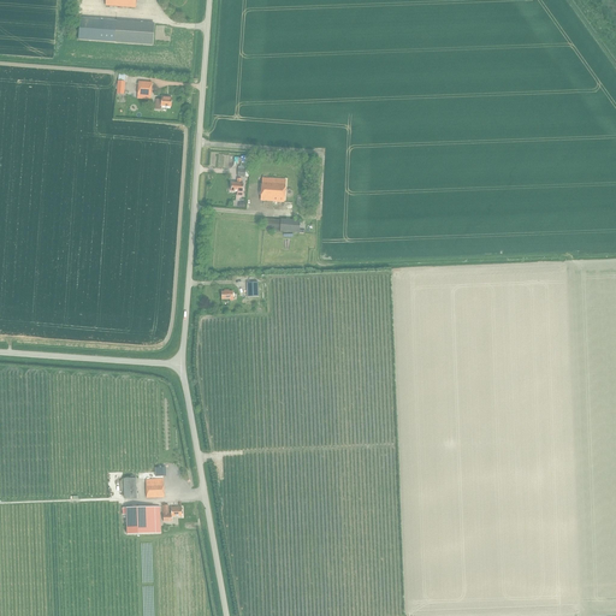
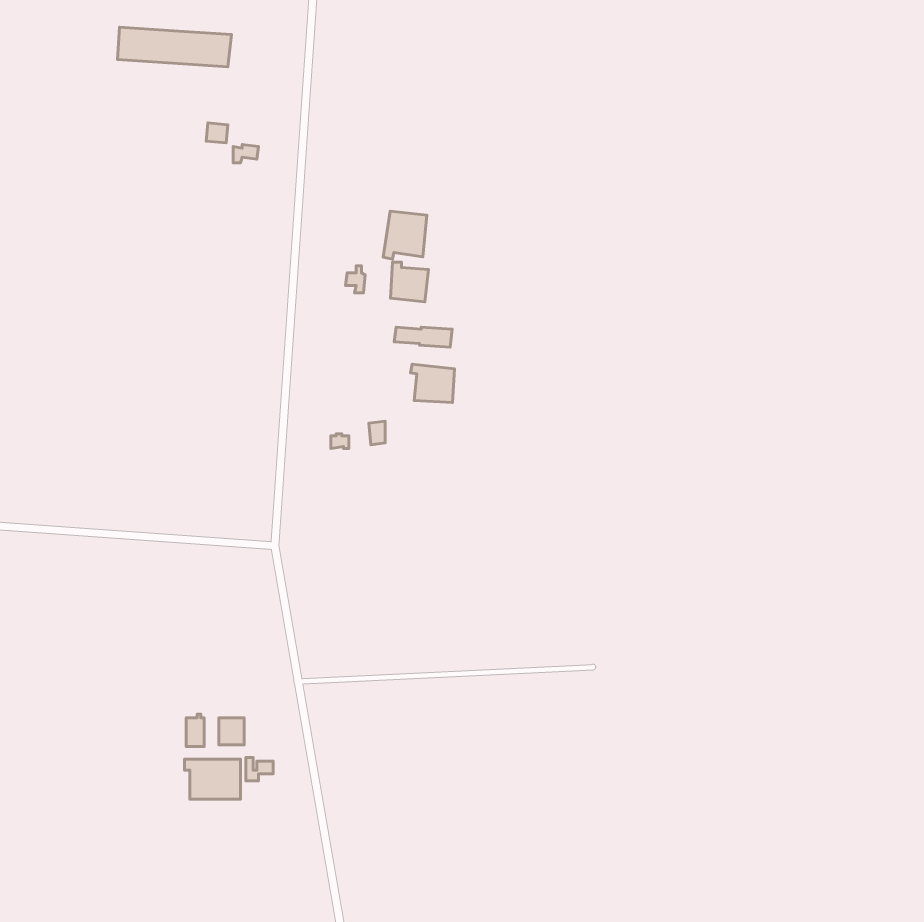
building: none -> [383,211,427,259]
building: none -> [411,364,454,402]

